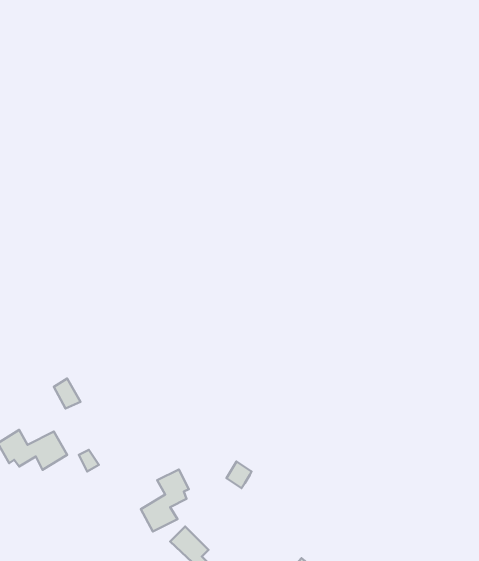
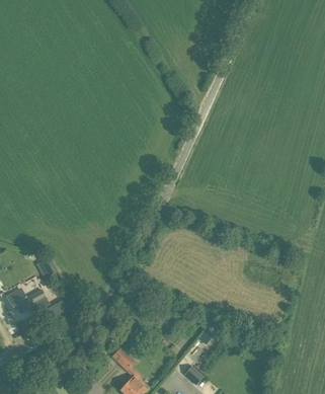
building: [141,470,189,532] -> none

